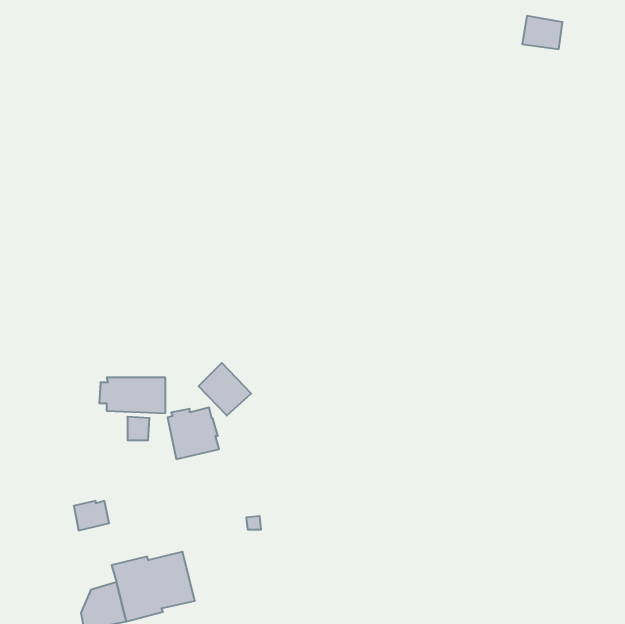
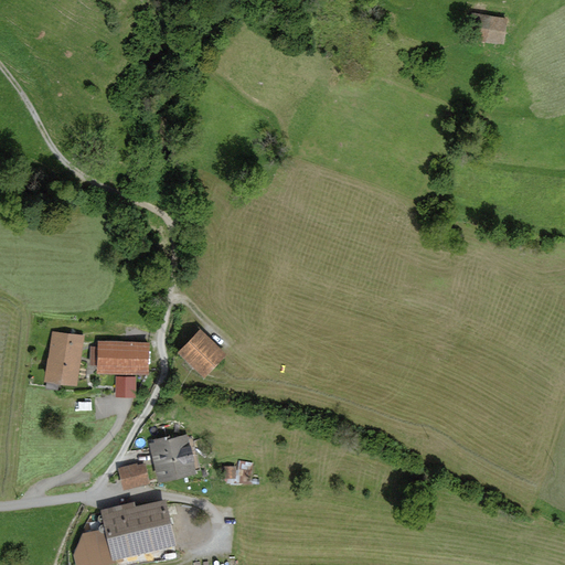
building: none -> [43,332,84,384]
building: [168,408,219,459] -> [149,438,195,484]
building: [74,501,109,530] -> [117,463,149,490]

